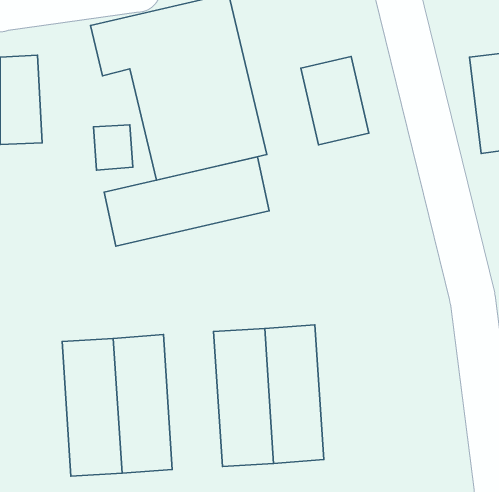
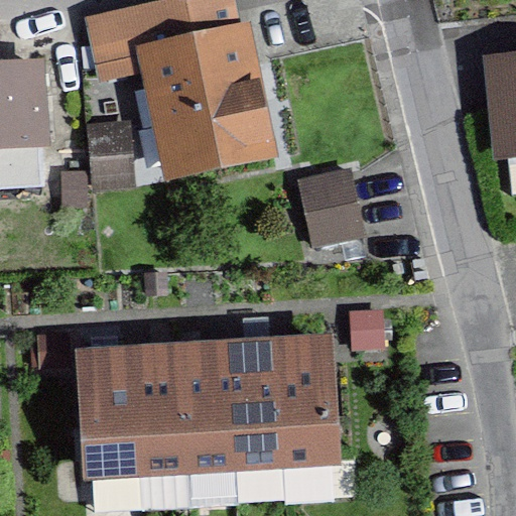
building: [301,56,369,145] -> [297,161,367,252]
building: [104,157,269,246] -> none
building: none -> [171,340,232,481]

